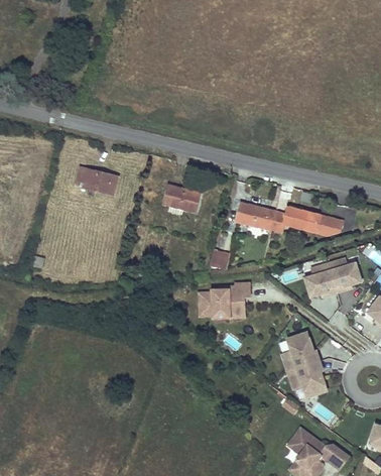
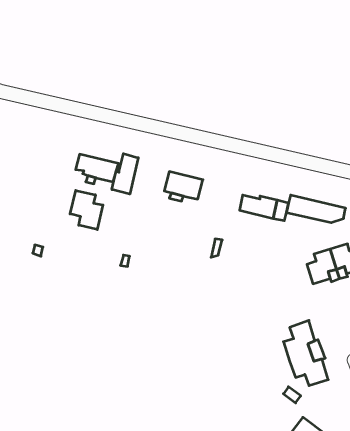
building: none -> [112,154,138,194]
building: none -> [70,190,103,230]
building: [198,284,250,317] -> none

